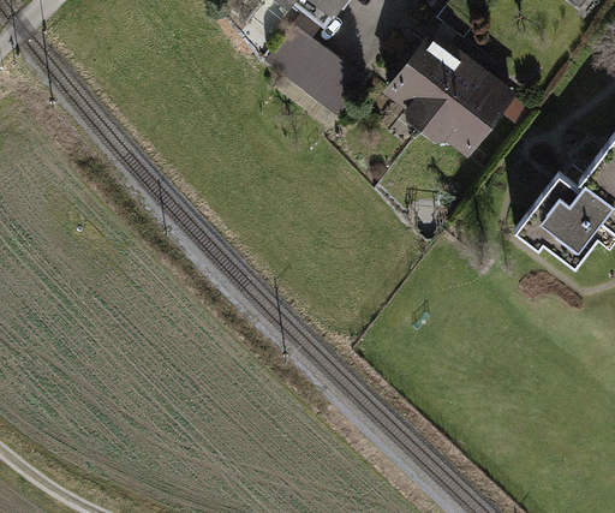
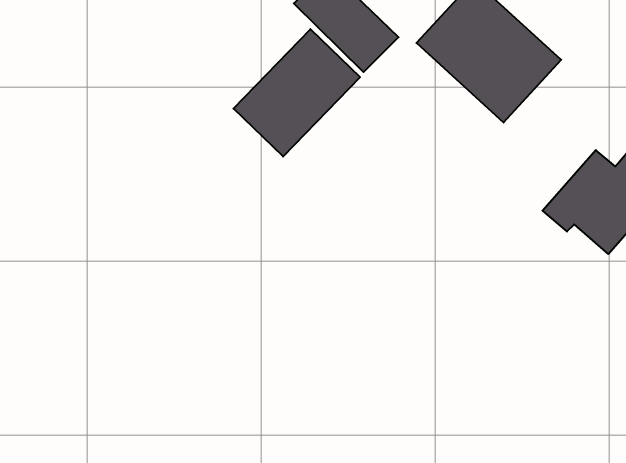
building: none -> [233,29,360,157]

